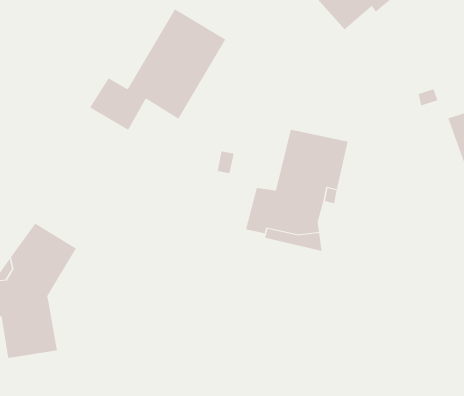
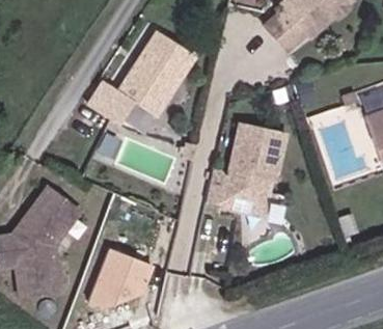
building: none -> [97,244,139,307]

